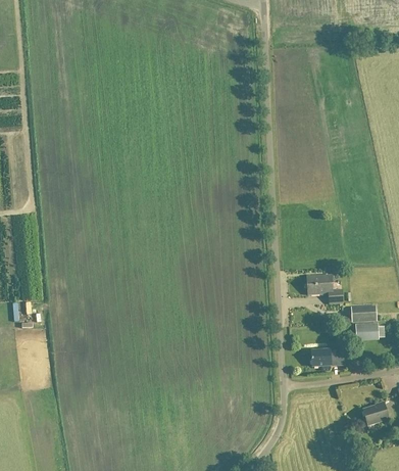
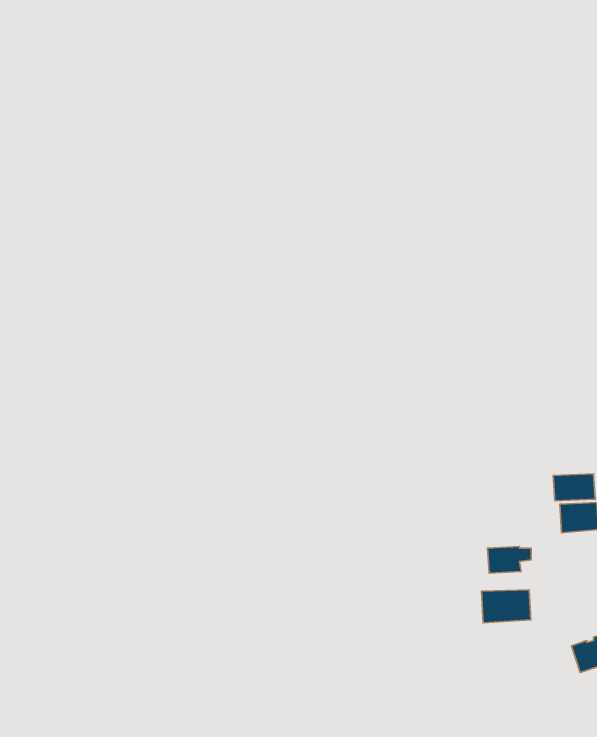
building: [306,274,342,302] -> none
building: none -> [482,590,531,623]

